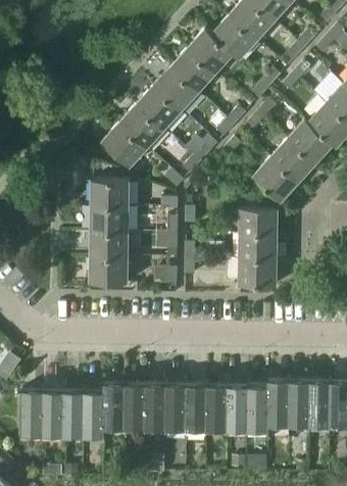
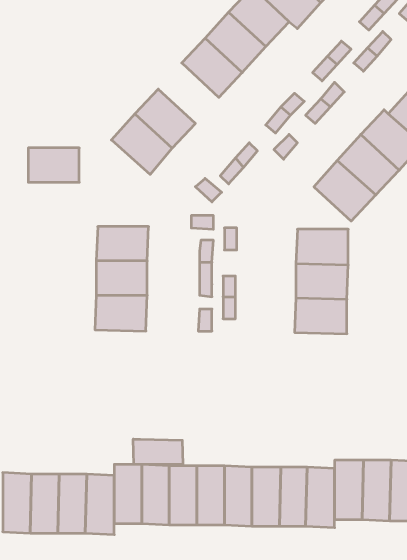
building: [137,86,182,131] -> none
building: [92,182,130,207] -> [28,148,79,182]
building: none -> [133,439,183,464]

